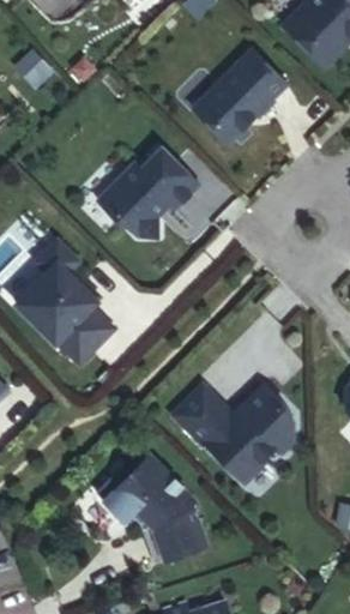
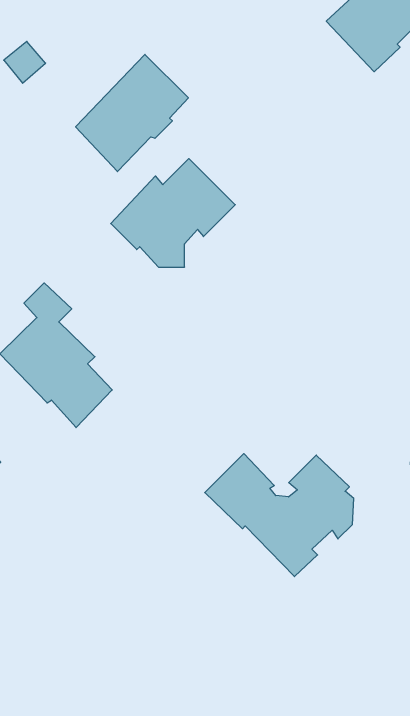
building: [199,47,292,144] -> [76,54,188,172]
building: [83,460,195,570] -> none

